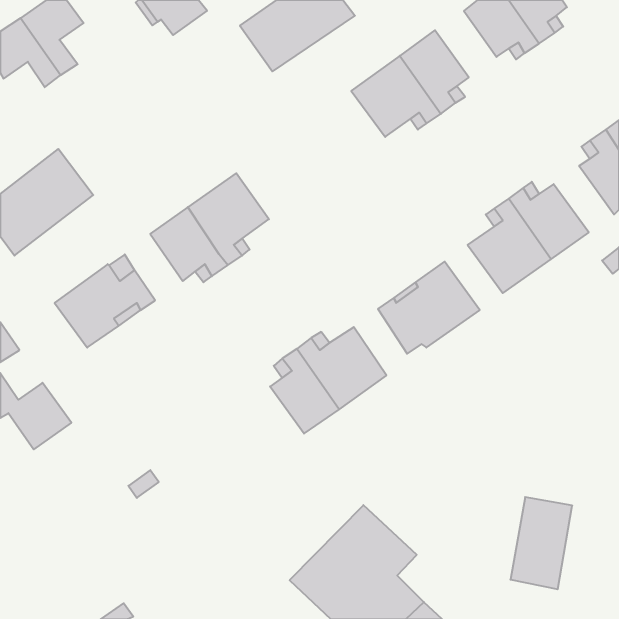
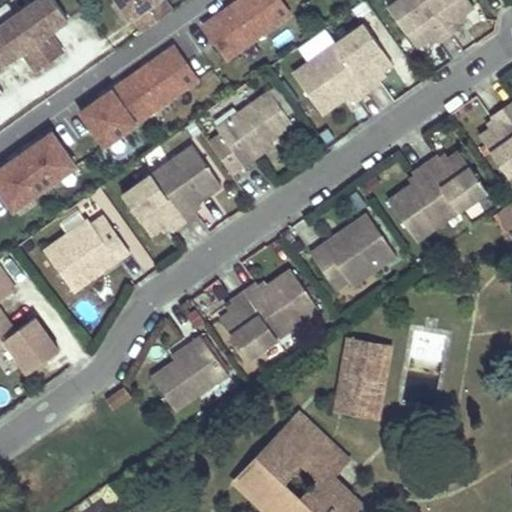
building: none -> [75,37,201,147]
building: none -> [212,92,289,172]
building: none -> [146,332,232,415]
building: [510,497,572,589] -> [340,338,391,414]

